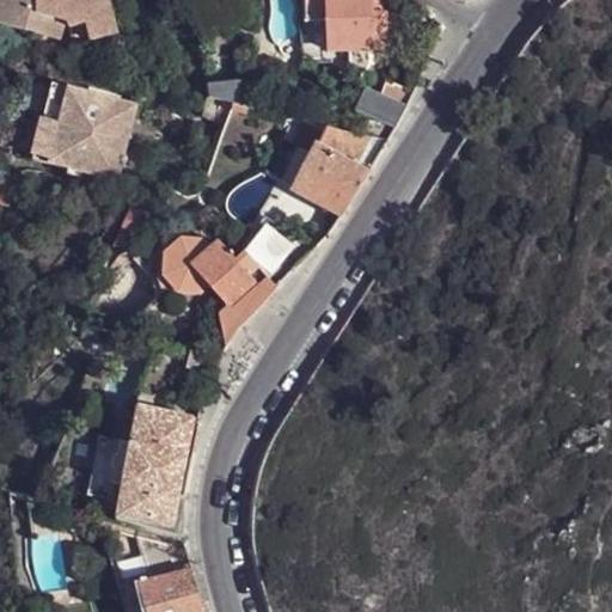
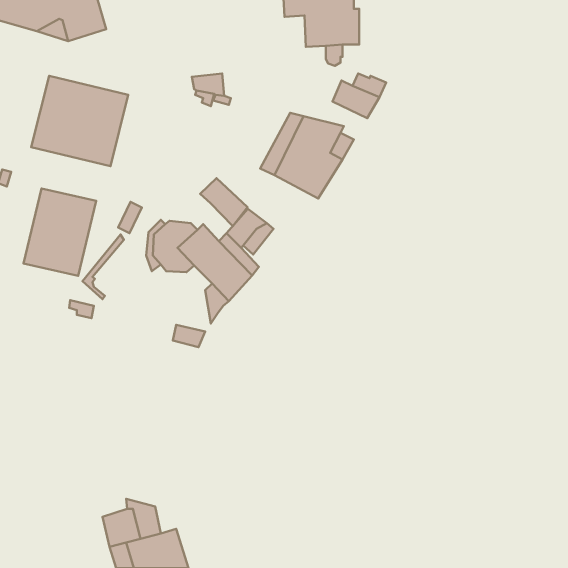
building: none -> [200,178,247,226]
building: none -> [24,188,96,276]
building: [90,406,194,541] -> none

